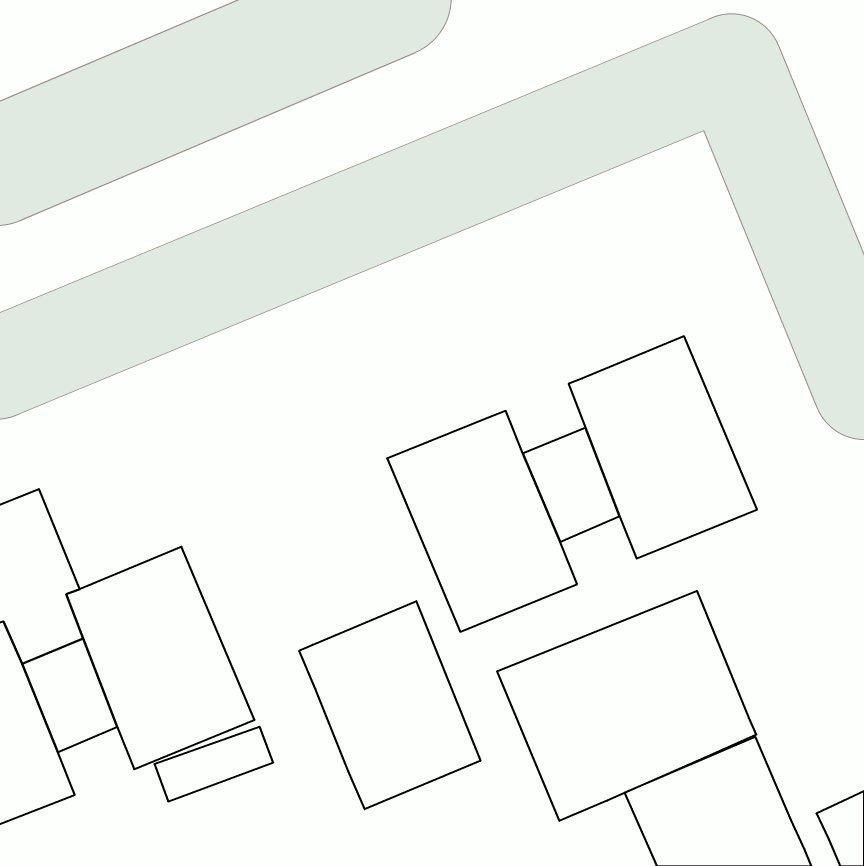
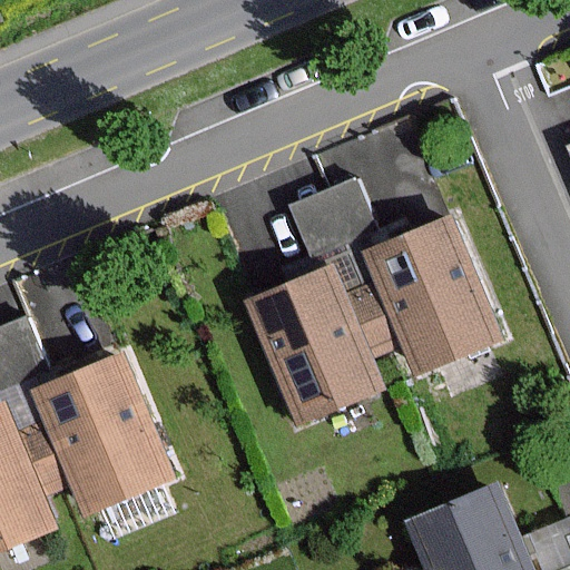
building: none -> [296,183,384,297]
building: [497,591,756,821] -> none
building: [299,601,480,809] -> none

